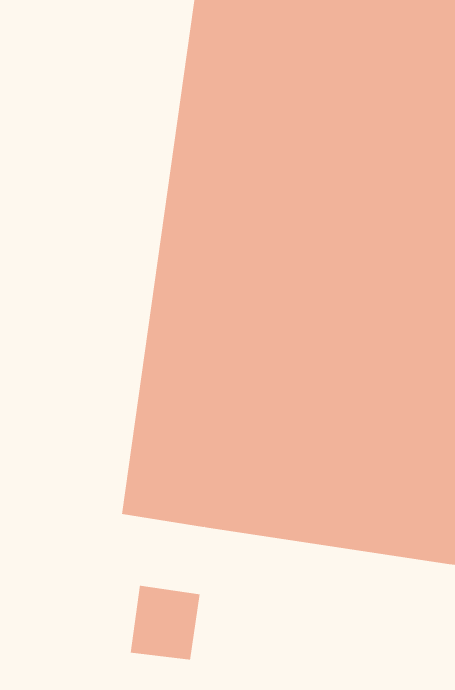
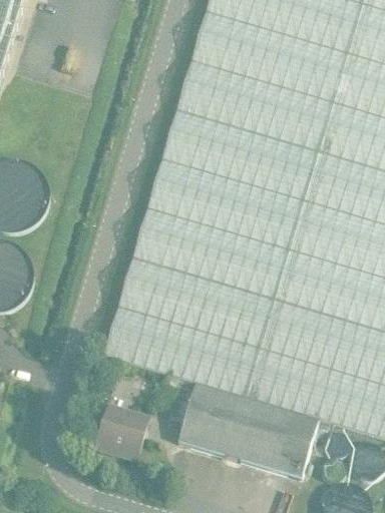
building: none -> [152,372,317,478]

